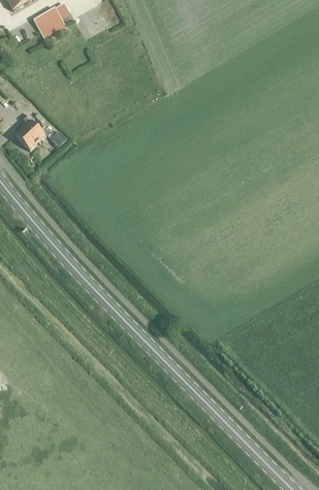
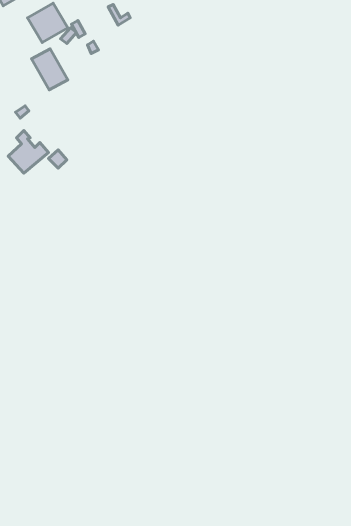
building: none -> [31,49,68,90]

